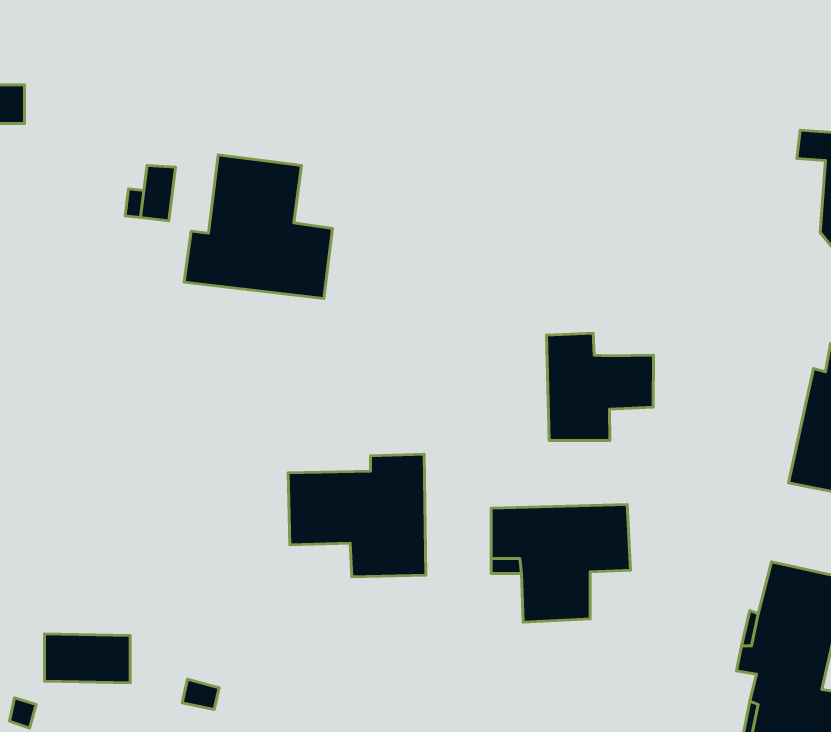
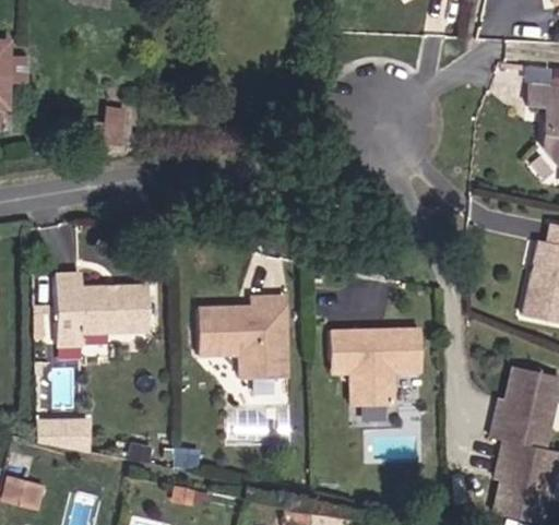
building: [184,155,332,298] -> none
building: [546,333,653,441] -> none
building: none -> [52,274,147,344]

